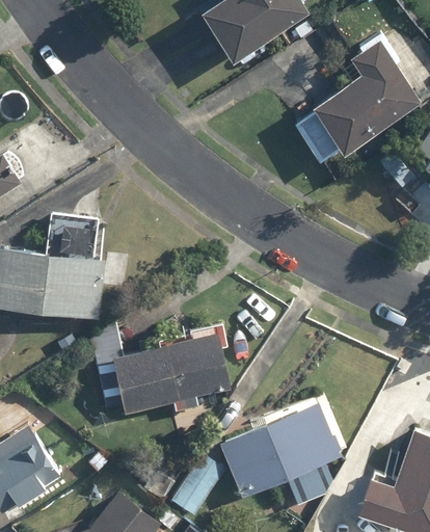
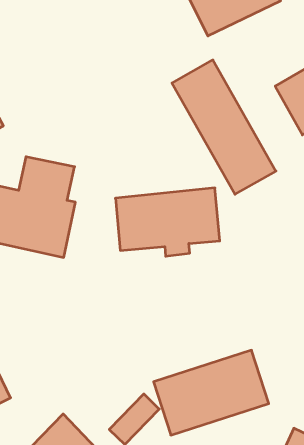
building: none -> [172,60,276,194]
building: [112,334,231,414] -> [115,188,220,256]

